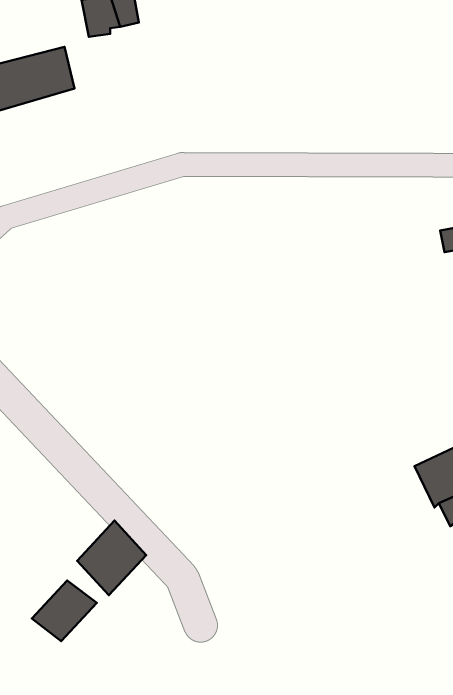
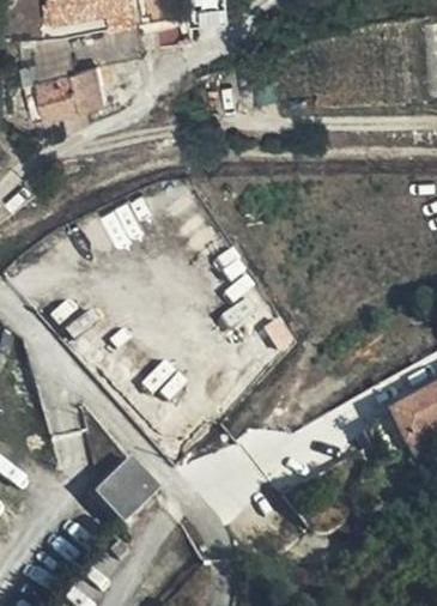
building: [32,580,97,641] -> none

